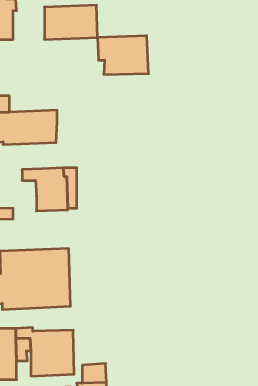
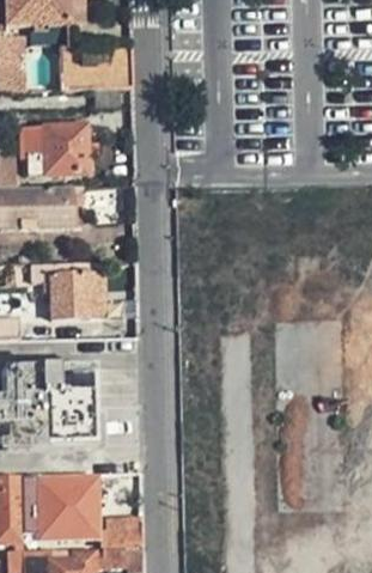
building: [97,36,149,74] -> [18,123,86,175]

